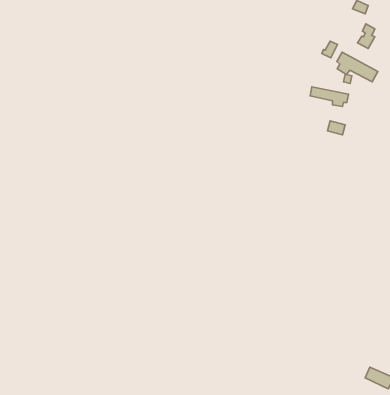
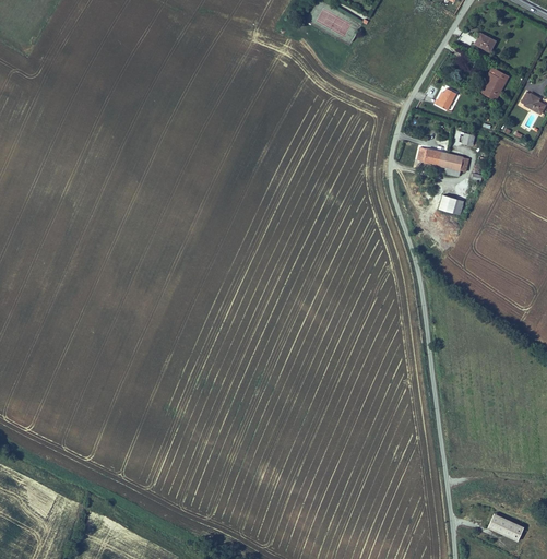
building: [337,52,378,82] -> none

